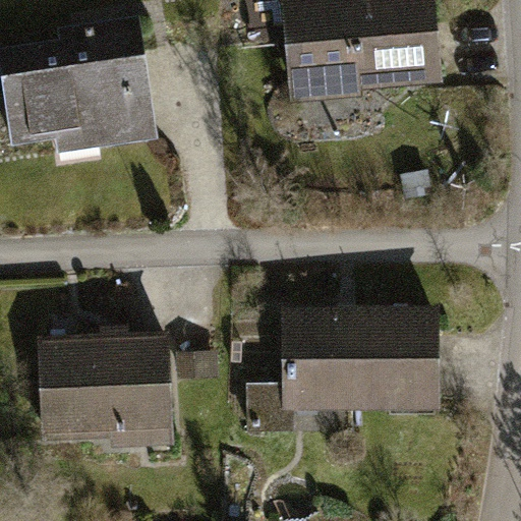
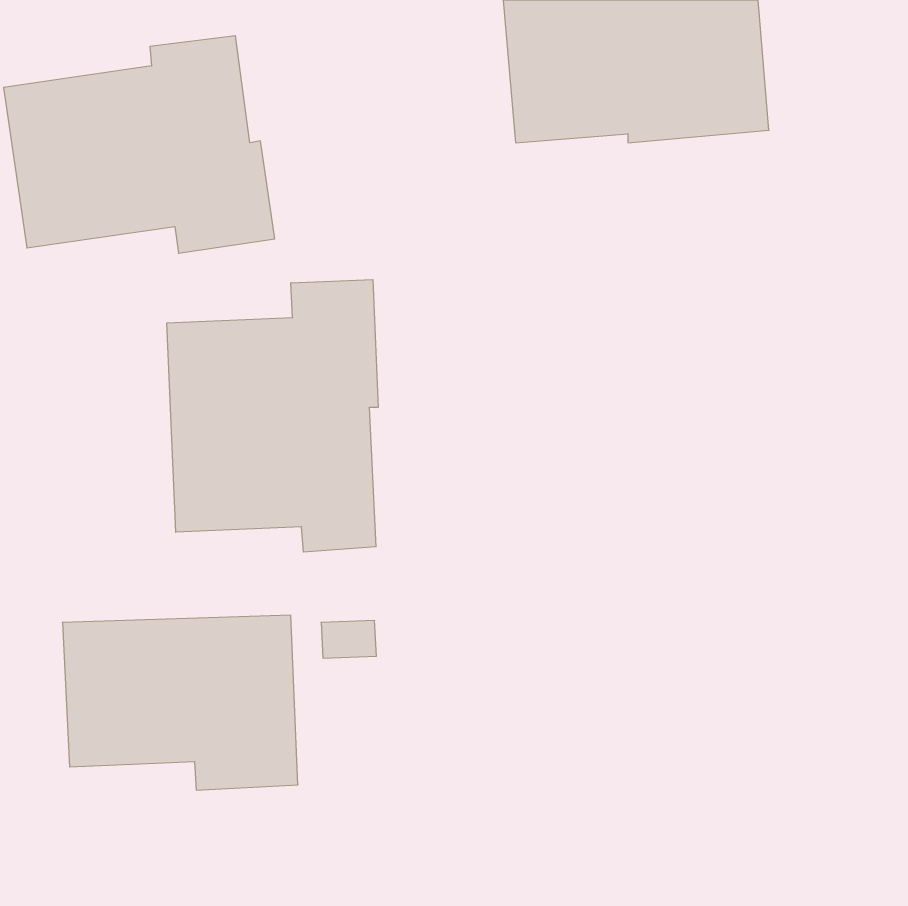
building: none -> [167,280,378,552]
building: [245,299,435,440] -> none

